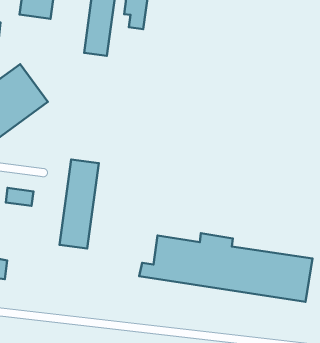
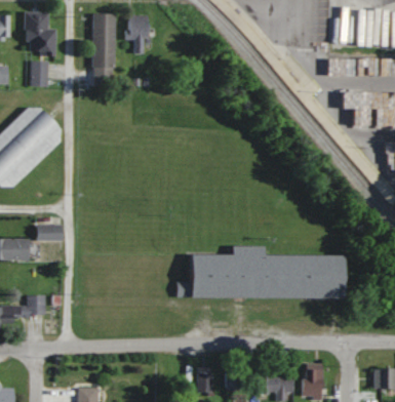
building: none -> [30,62,49,86]
building: [59,159,99,249] -> none

